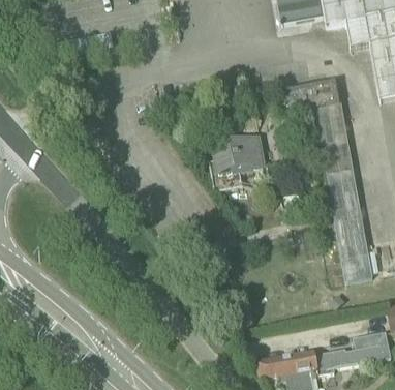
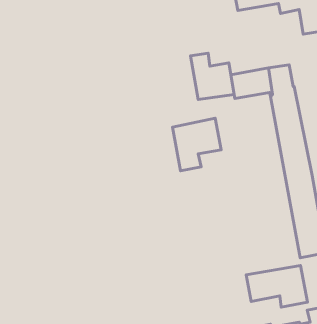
building: none -> [191,53,234,100]
building: none -> [246,266,308,307]

